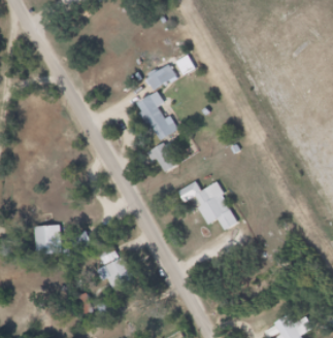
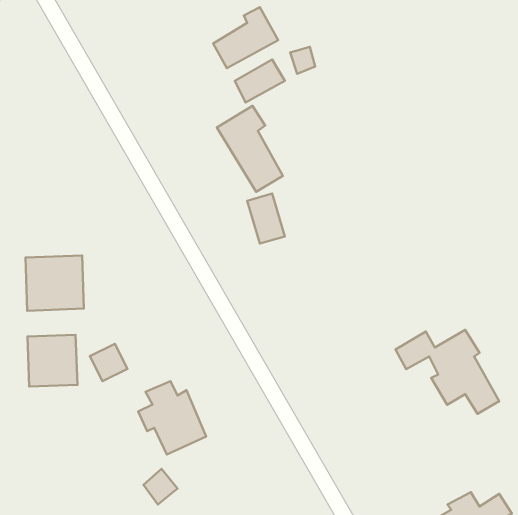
building: none -> [213,7,278,68]
building: none -> [25,256,84,311]
building: [174,178,234,227] -> [395,330,499,414]

